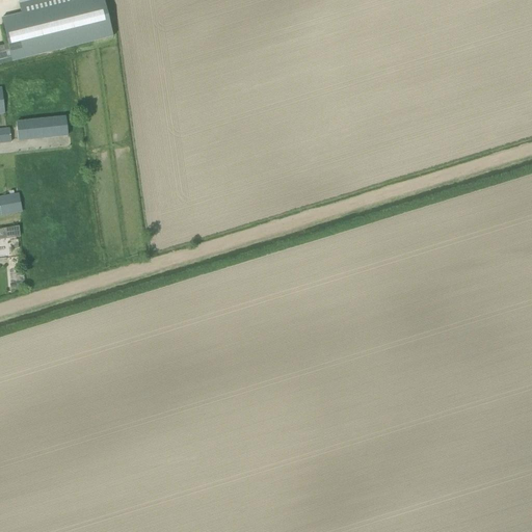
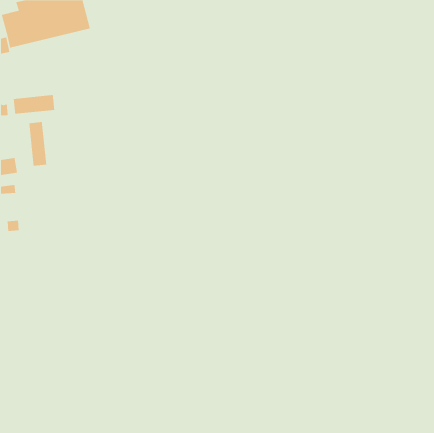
building: none -> [28,121,47,167]

